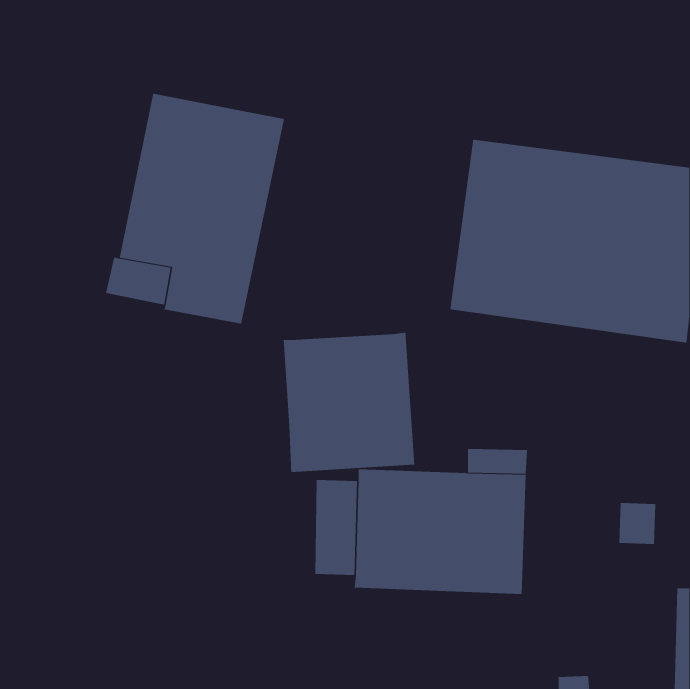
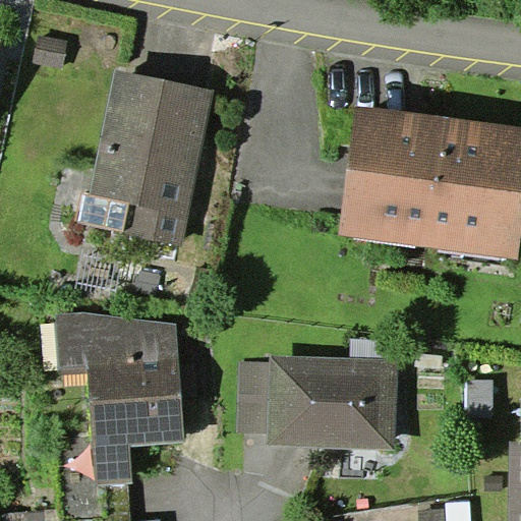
building: [283,332,415,473] -> none
building: none -> [55,312,184,484]

